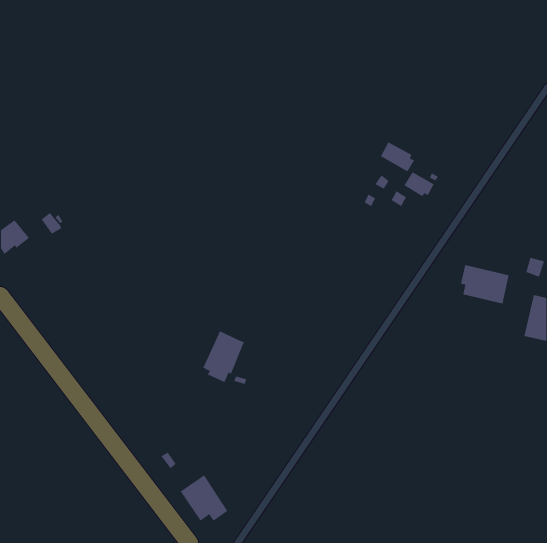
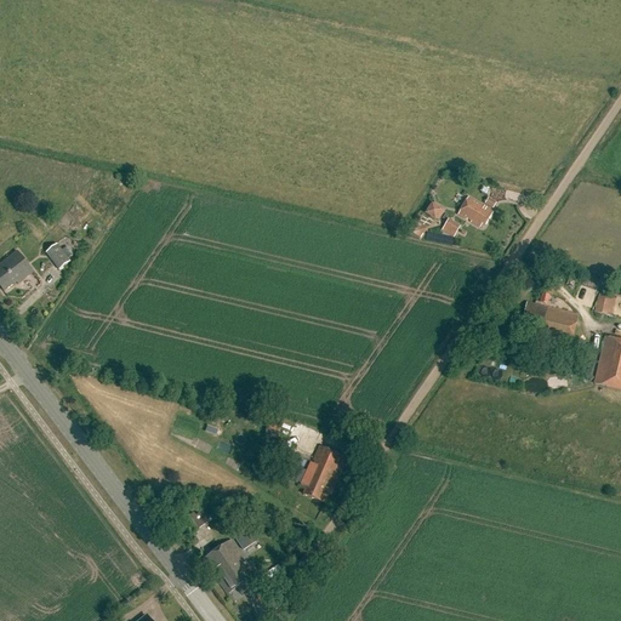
building: [380,141,415,172] -> none
building: [203,330,245,383] -> [300,441,348,501]

